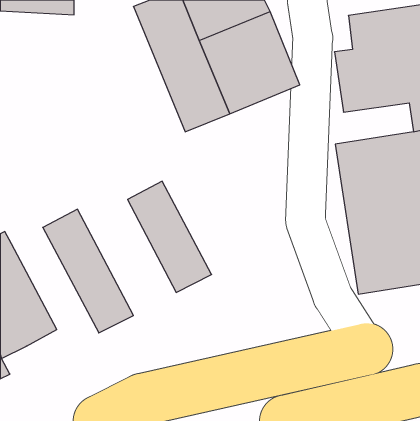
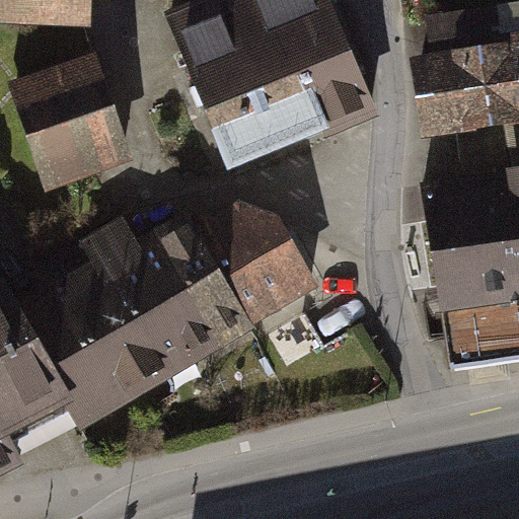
building: none -> [9,51,134,191]
building: none -> [201,189,326,338]
building: none -> [85,209,218,388]
building: none -> [15,280,123,431]

